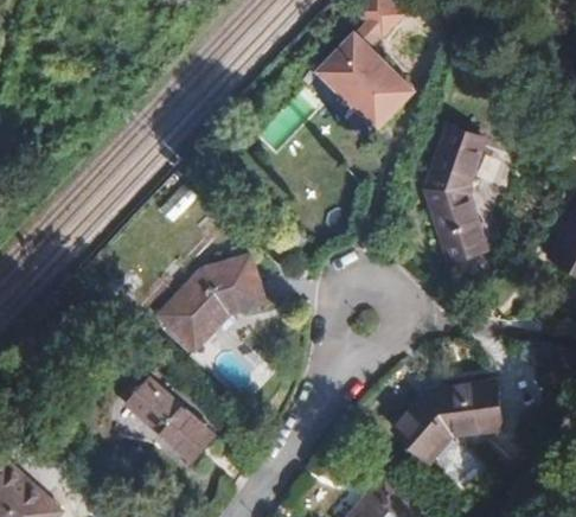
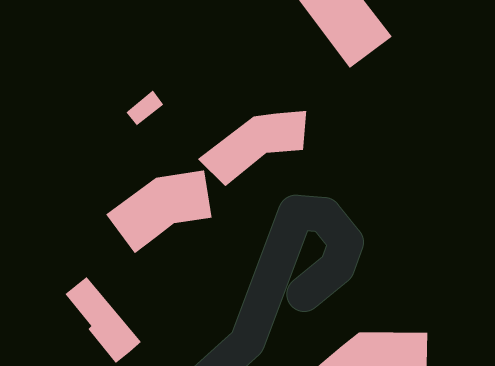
building: [434,133,498,267] -> none
building: none -> [197,110,307,187]

